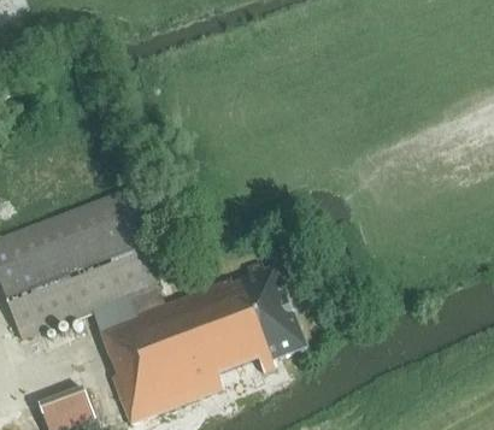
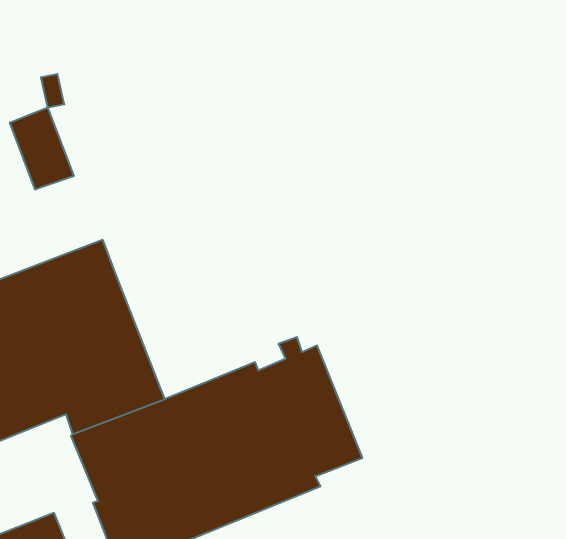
building: none -> [10,108,74,190]

